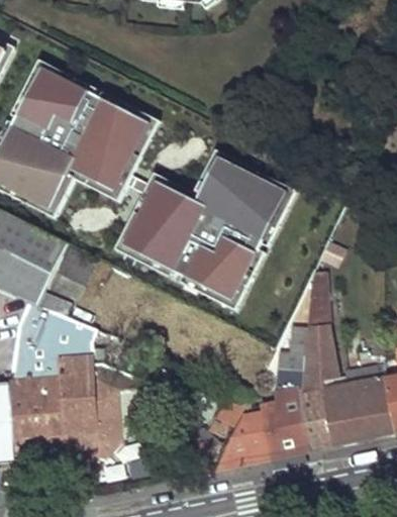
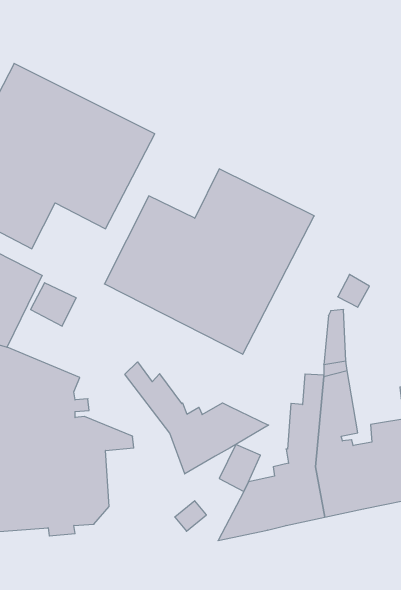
building: none -> [125,362,269,474]

